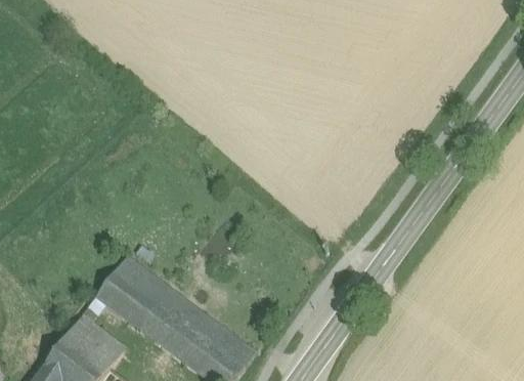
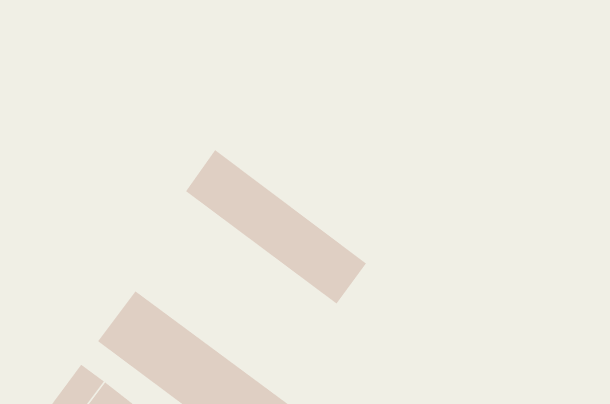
building: none -> [185,149,367,304]

